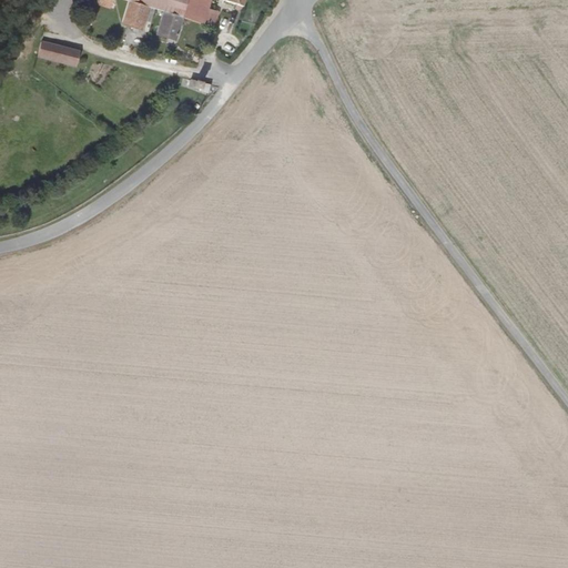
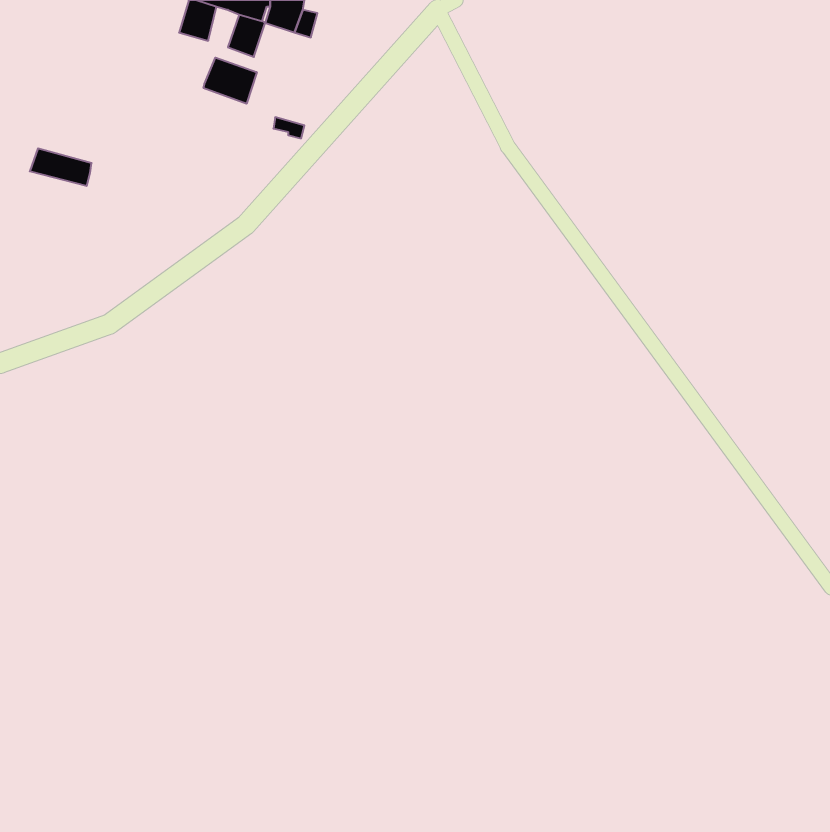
building: none -> [204,58,257,104]
building: [40,40,82,65] -> [30,148,92,186]

